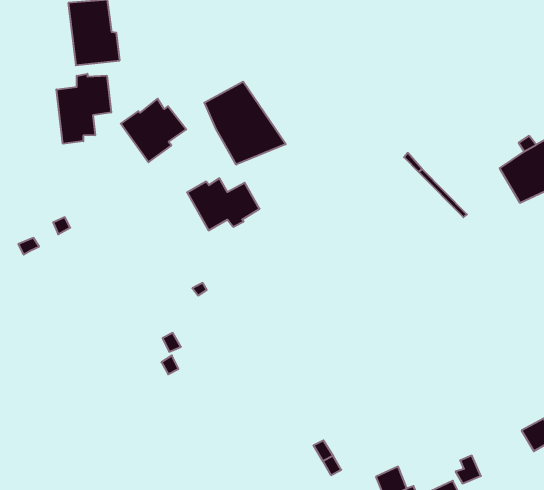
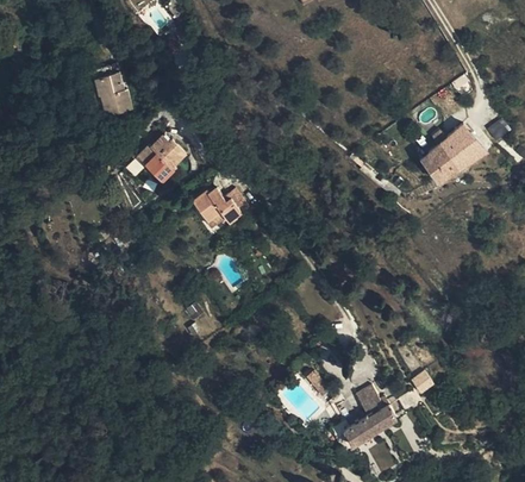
building: [56,74,111,144] -> none
building: [204,82,286,165] -> none

